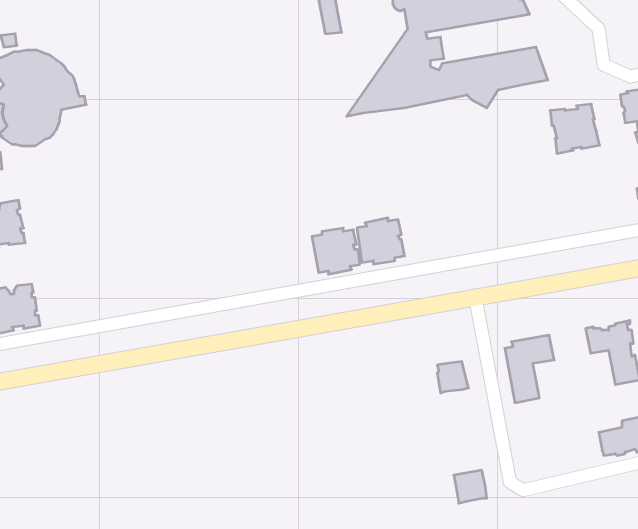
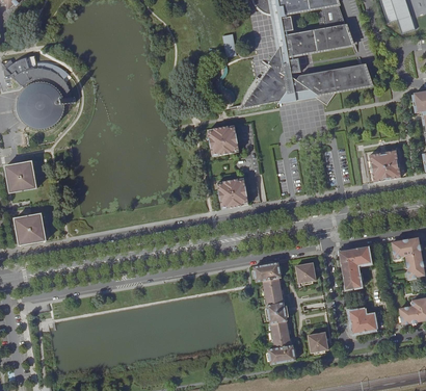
building: [550,104,600,153] -> [369,151,400,182]
building: [357,218,405,264] -> [208,126,238,155]
building: none -> [252,262,295,364]
building: none -> [349,308,376,333]

